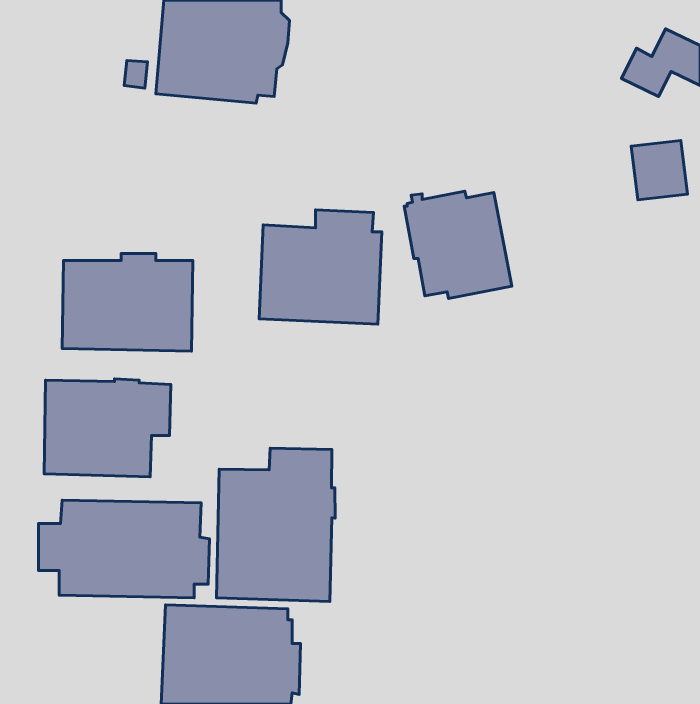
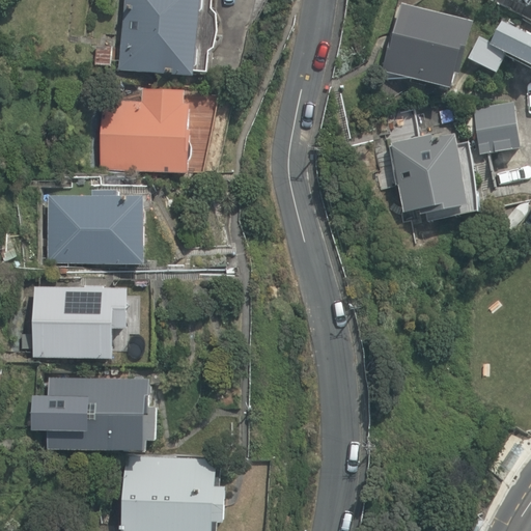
building: none -> [380,4,475,90]
building: [404,191,512,299] -> [388,135,469,216]
building: [259,210,382,324] -> [99,88,191,174]
building: [217,448,335,601] -> none

